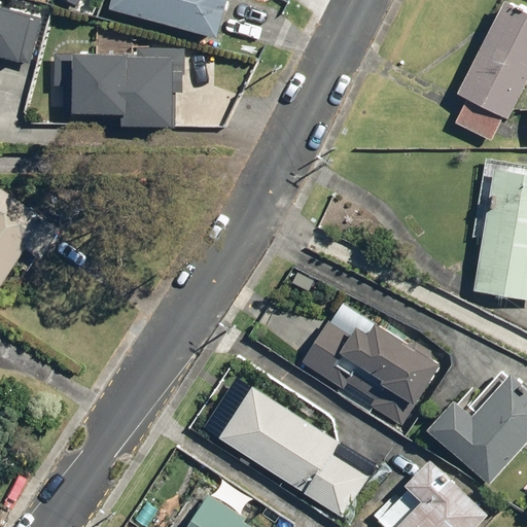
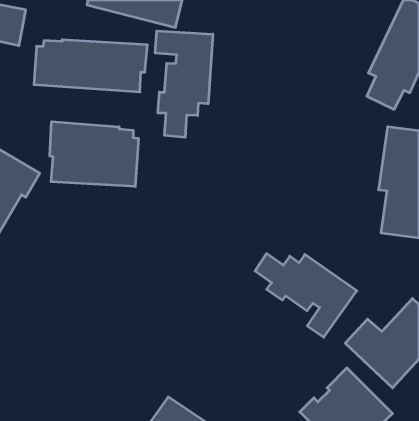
building: none -> [155,31,213,137]
building: none -> [50,122,138,187]
building: [212,388,365,518] -> none

